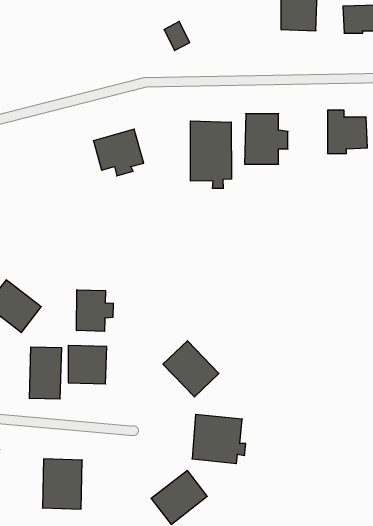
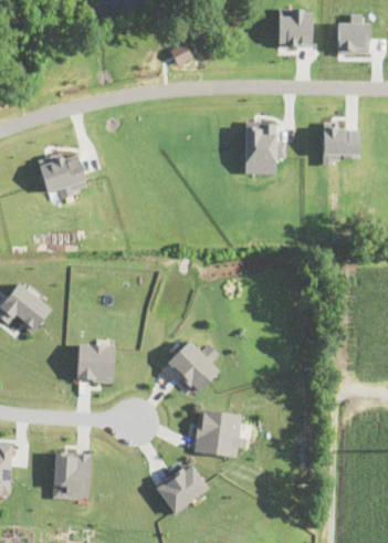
building: [191,121,231,188] -> none
building: [93,129,144,176] -> [39,154,86,198]
building: [77,290,113,331] -> none
building: [29,347,61,399] -> none

